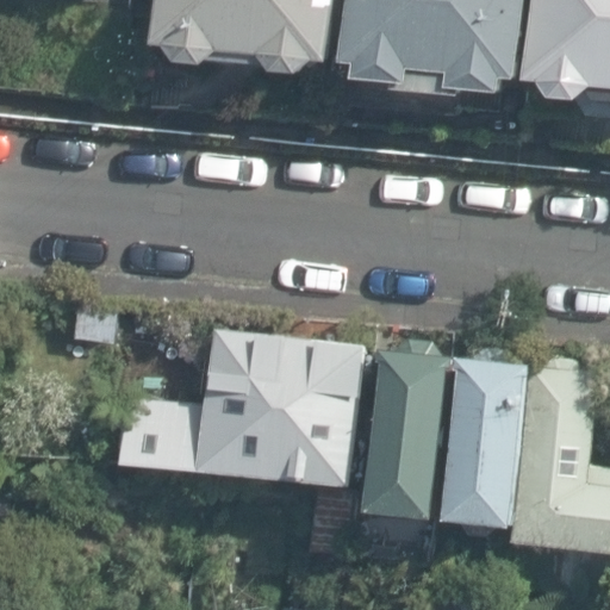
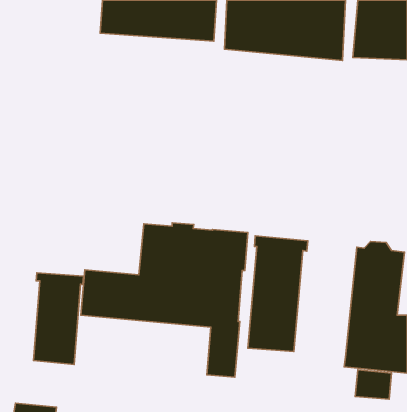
building: [443,347,525,528] -> none
building: none -> [34,273,84,364]

